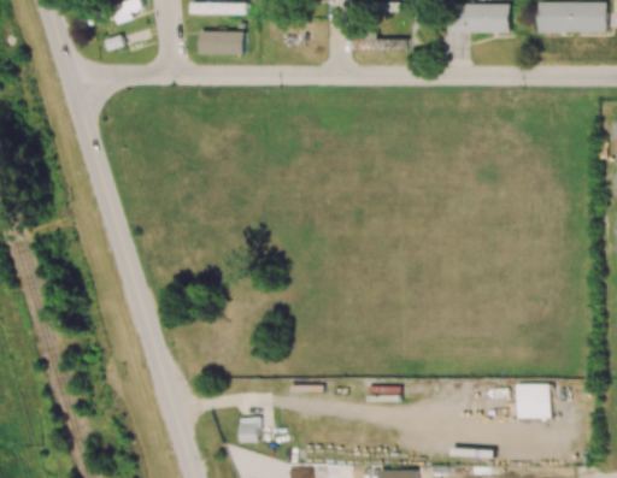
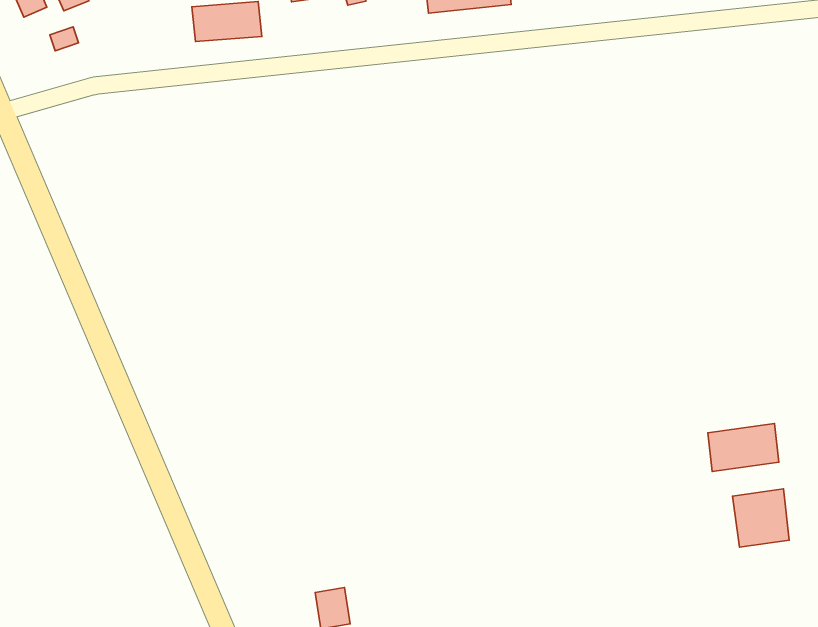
building: none -> [708,423,779,472]

